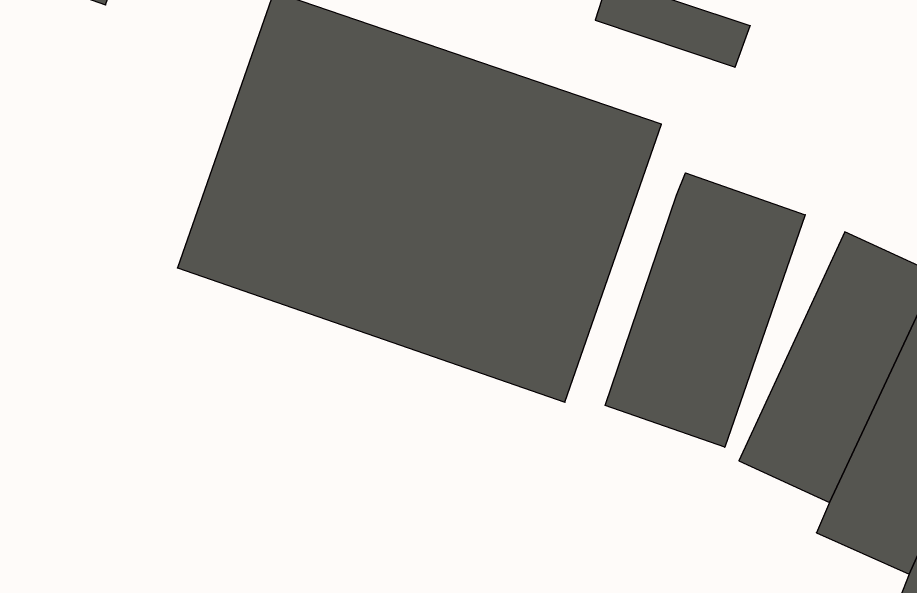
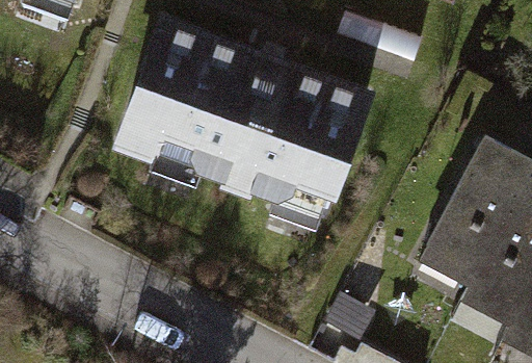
building: [605,173,805,447] -> none

